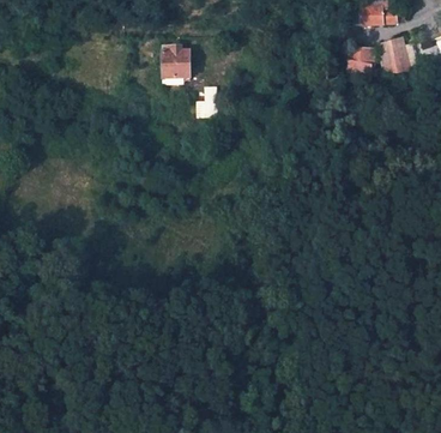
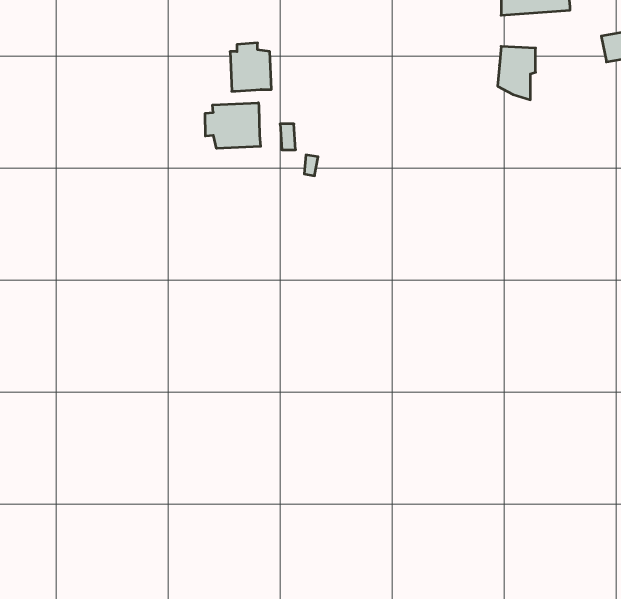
building: [380,36,411,74] -> none
building: none -> [205,103,261,148]

